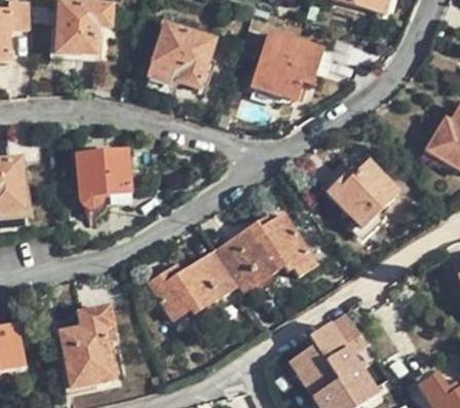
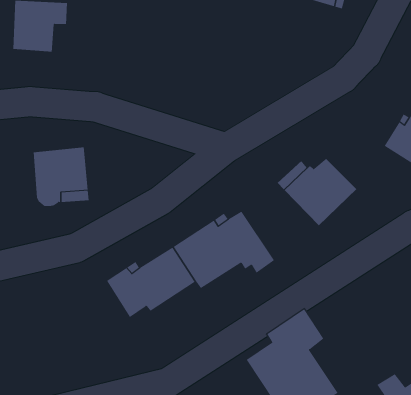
building: [147,22,216,88] -> none
building: [255,28,328,98] -> none
building: [60,307,114,386] -> none

